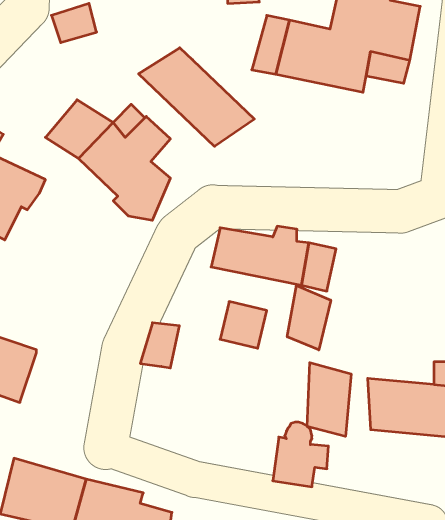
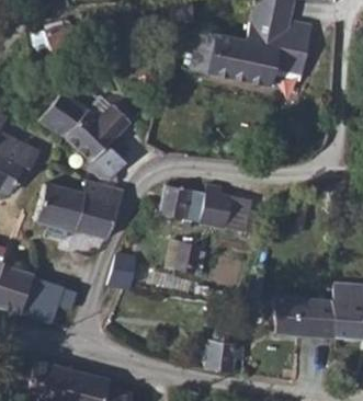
building: [139,48,254,146] -> none
building: none -> [35,181,124,240]
building: [287,286,331,350] -> none
building: none -> [21,277,78,323]
building: [307,363,351,436] -> none

